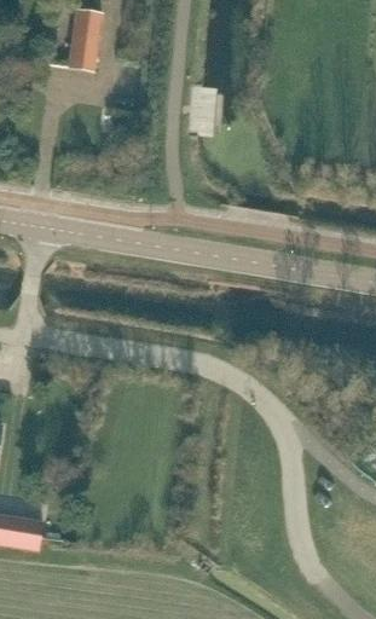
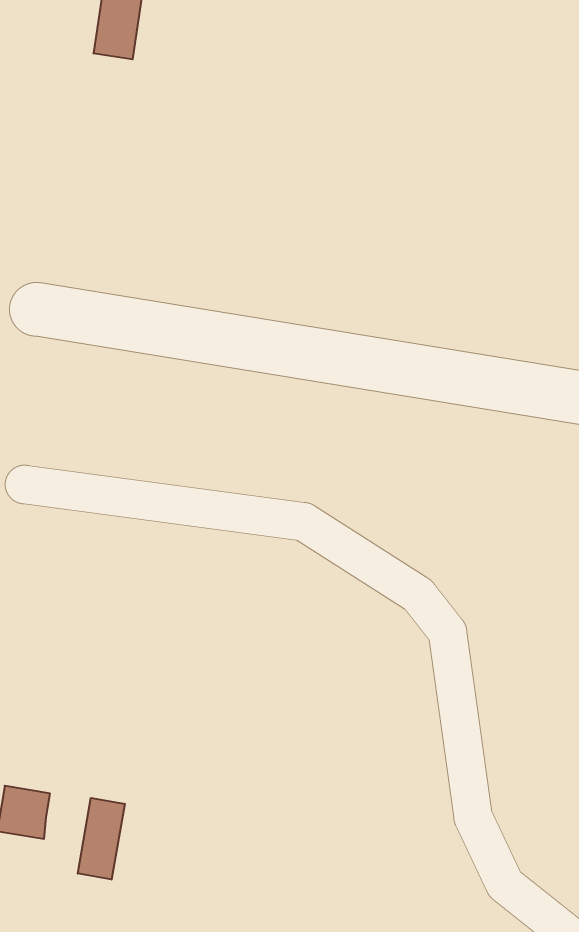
building: none -> [78,798,125,880]

